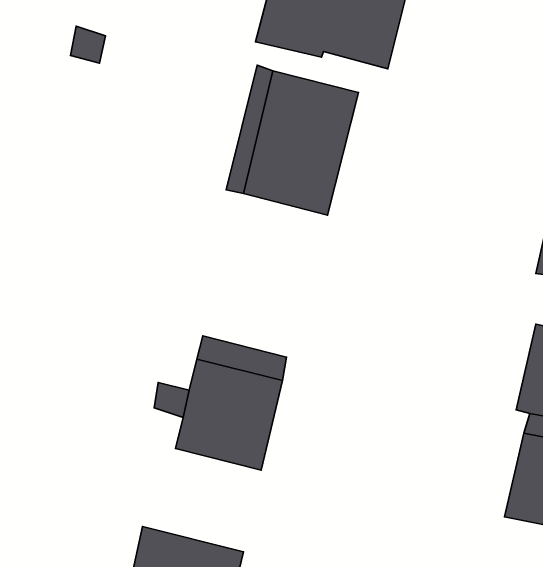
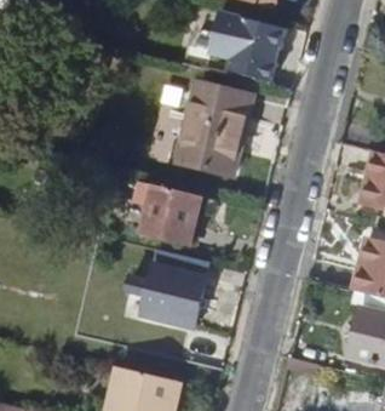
building: none -> [133,179,214,241]

